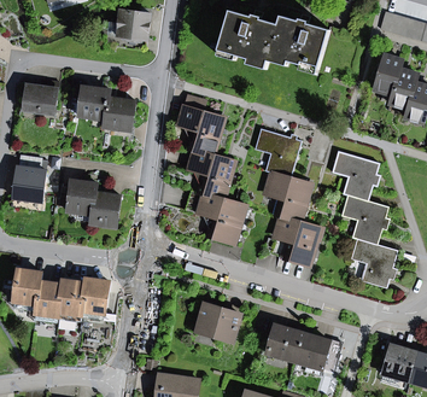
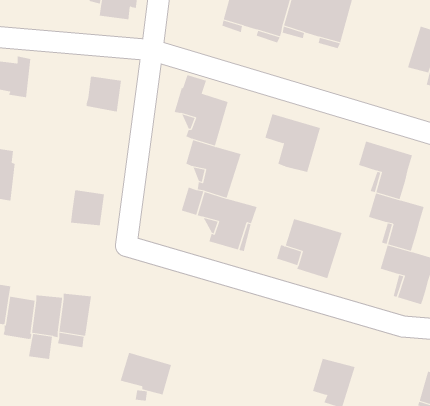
building: [70,86,111,116] -> none
building: [265,173,311,222] -> none
building: [59,180,98,221] -> none
building: [197,304,240,340] -> [120,352,172,395]
building: [268,325,303,361] -> none

